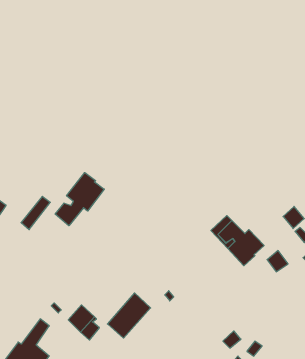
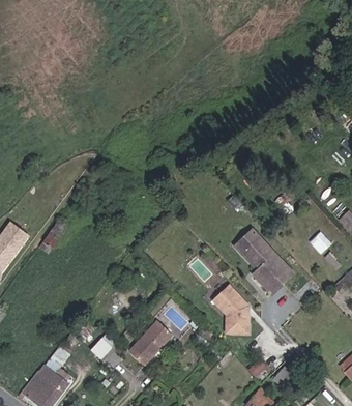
building: [55,173,104,226] -> none
building: none -> [215,285,247,334]

